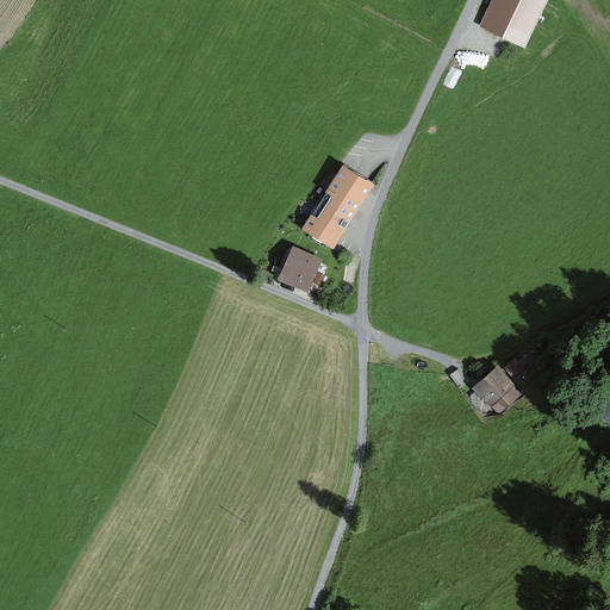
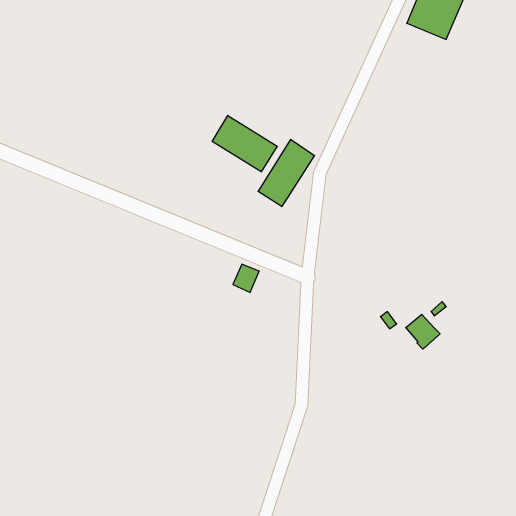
building: none -> [212,115,277,172]
building: [284,250,315,284] -> [233,264,259,292]

